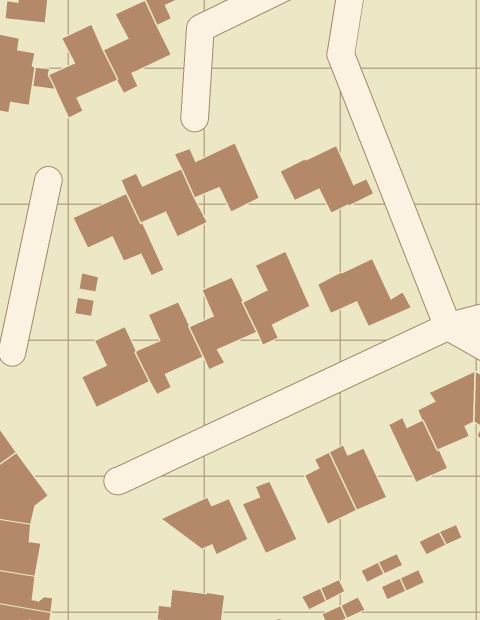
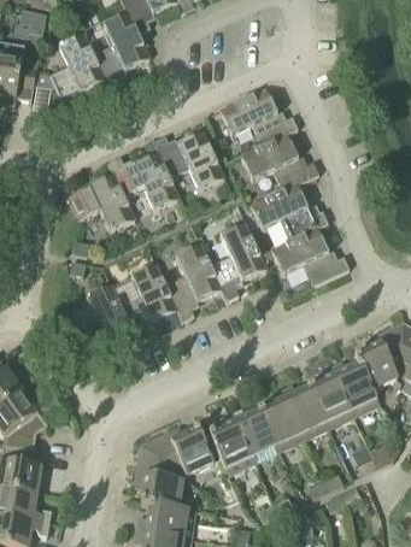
building: none -> [219,89,298,146]
building: none -> [249,183,328,240]
building: none -> [310,366,353,427]
building: none -> [231,407,280,461]
building: none -> [134,445,183,507]

